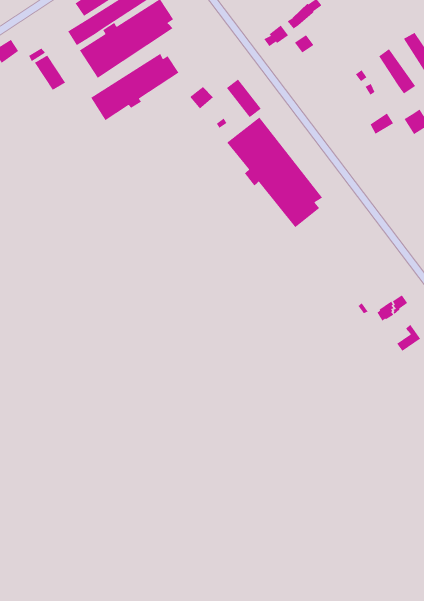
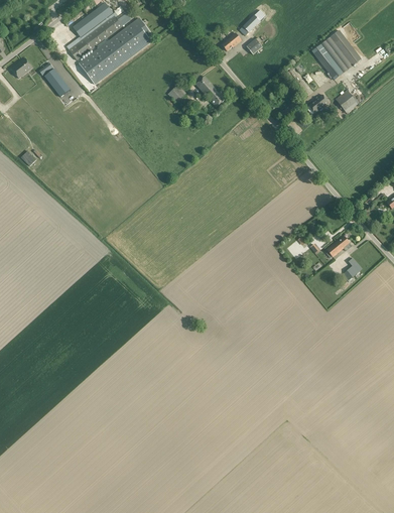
building: [90,53,180,121] -> none
building: [226,116,323,228] -> none

